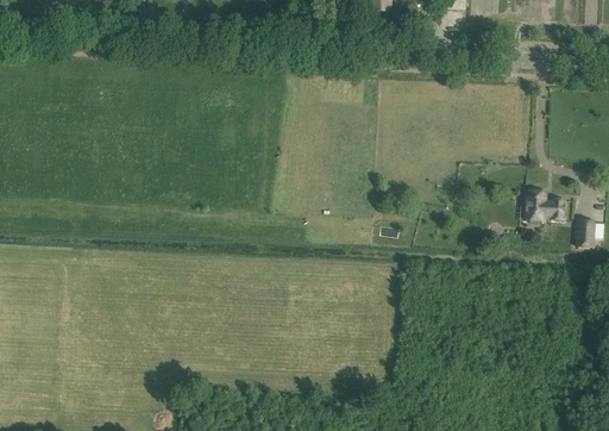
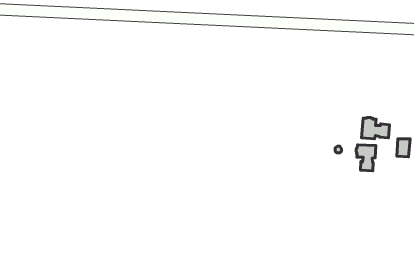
building: none -> [356,145,376,171]

